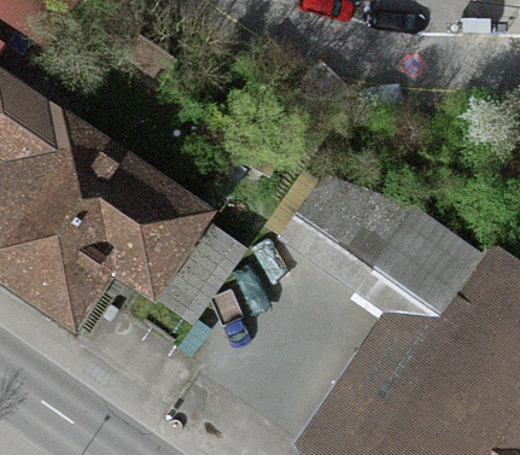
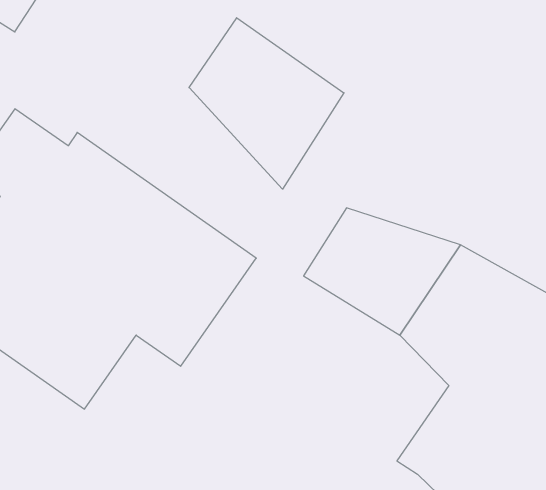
building: none -> [189,18,344,189]

